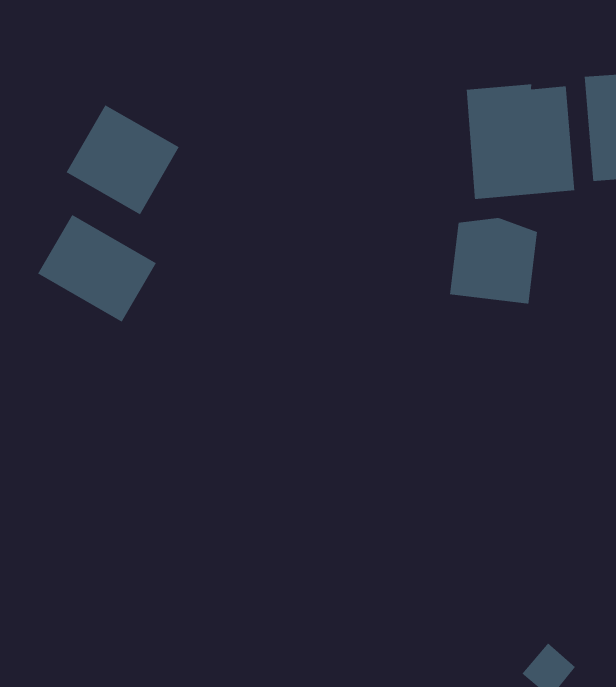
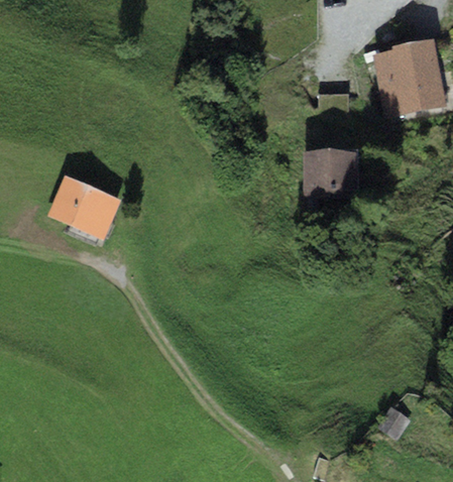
building: [466,84,575,200] -> none
building: [66,104,180,215] -> none

